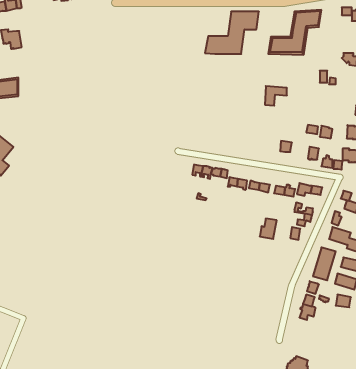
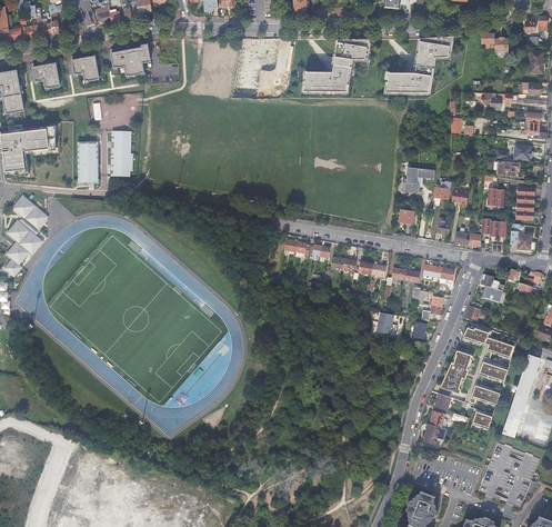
building: none -> [110,43,150,74]
building: none -> [71,53,98,80]
building: none -> [108,132,126,178]
building: [265,86,287,106] -> [405,166,434,191]
building: none -> [77,142,93,182]

